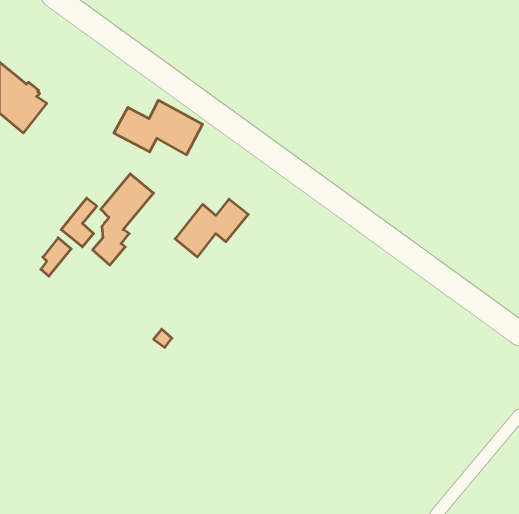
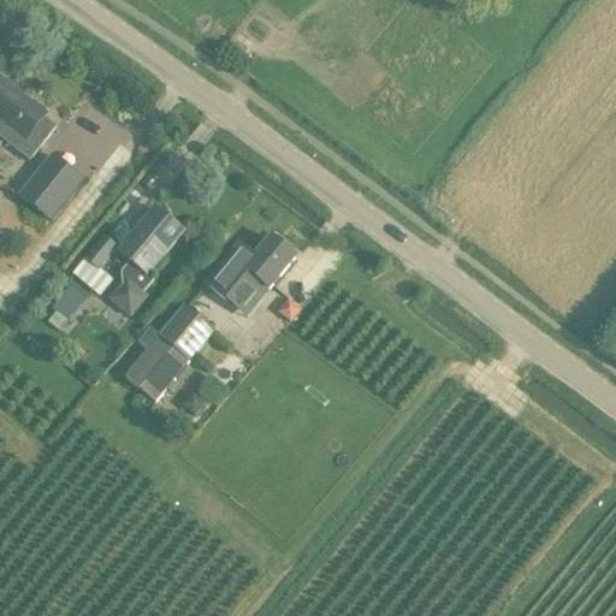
building: [114,100,203,155] -> none
building: none -> [31,154,83,219]
building: none -> [124,303,214,401]

